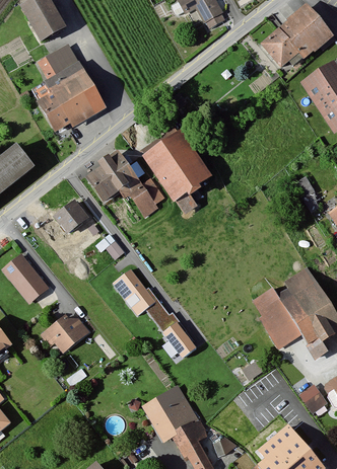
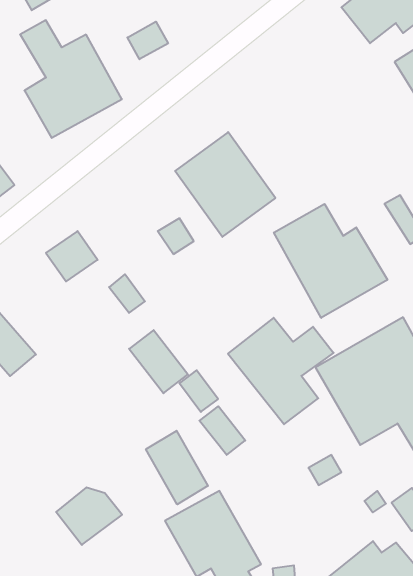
building: none -> [127,22,168,59]
building: [86,156,144,202] -> none
building: none -> [274,204,387,318]
building: none -> [228,318,334,424]
building: [44,313,90,354] -> [56,487,122,545]
building: none -> [146,431,208,504]

